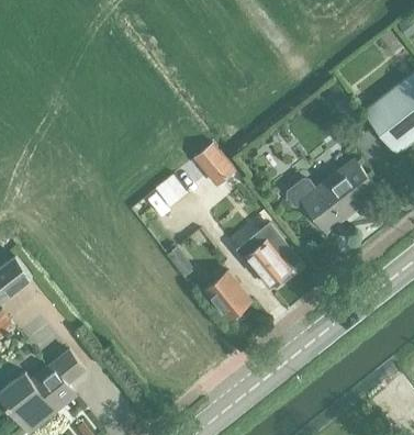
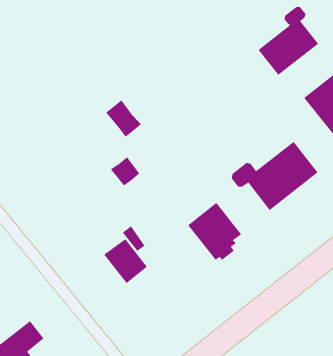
building: none -> [257,6,319,76]
building: [194,144,234,186] -> [105,99,142,138]
building: [202,271,250,321] -> [103,238,148,284]

